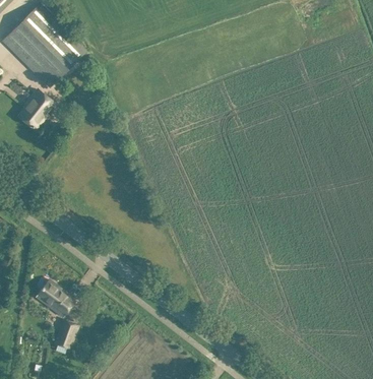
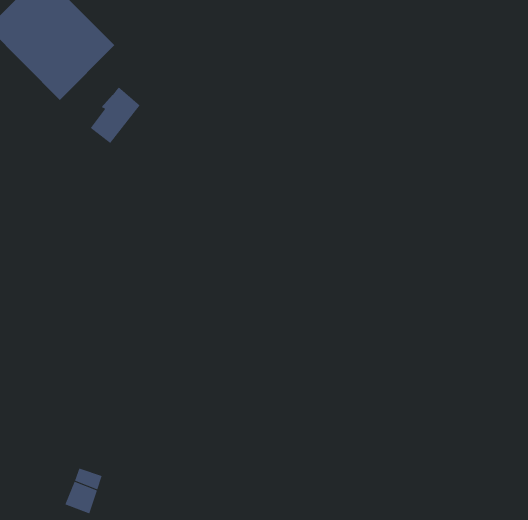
building: [19,91,52,128] -> [90,87,141,144]
building: [35,280,73,319] -> none

